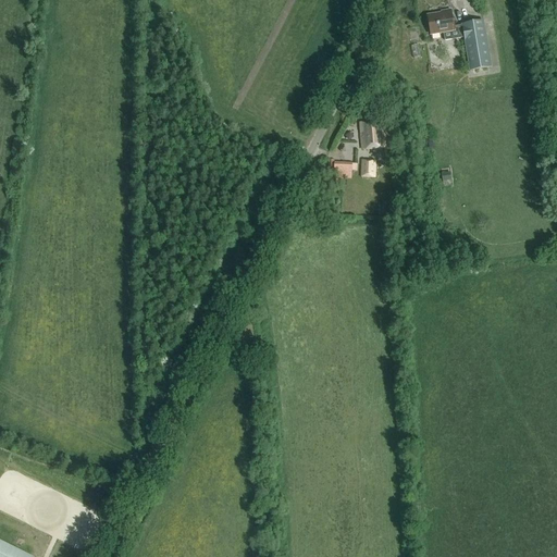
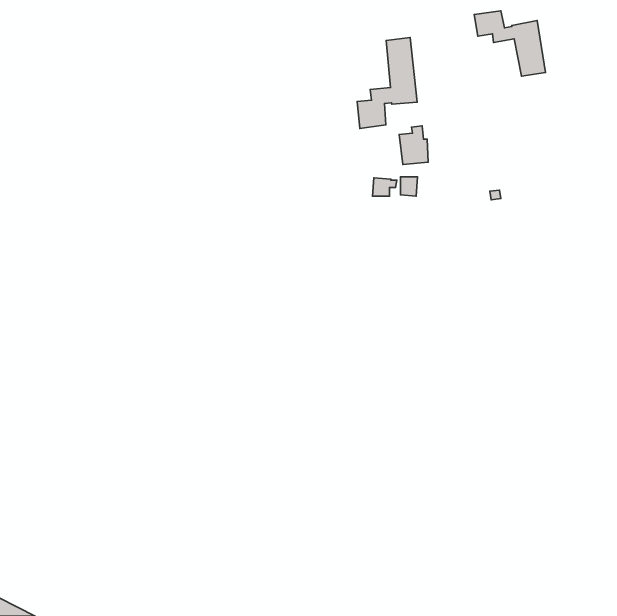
building: none -> [357,38,417,129]

